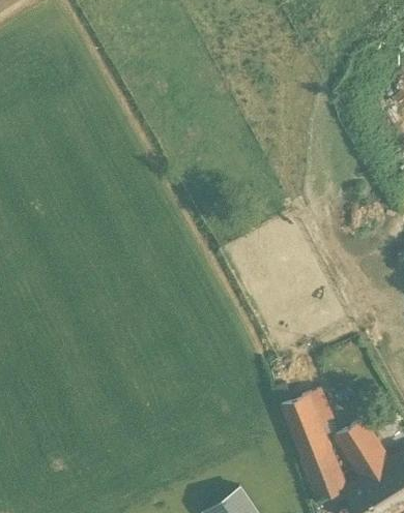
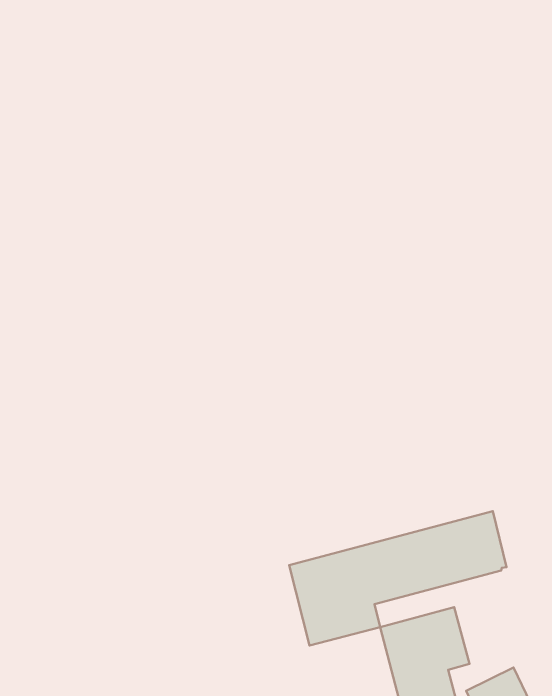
building: none -> [289,511,506,645]

